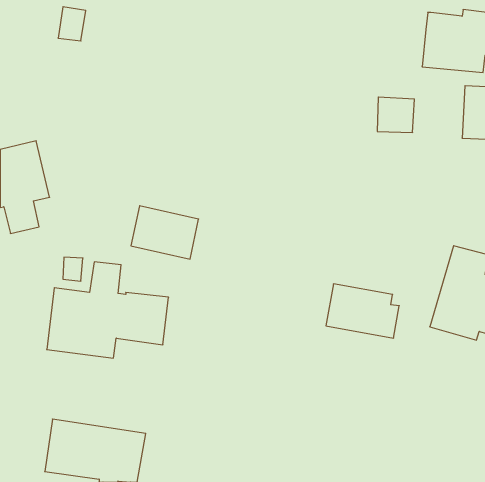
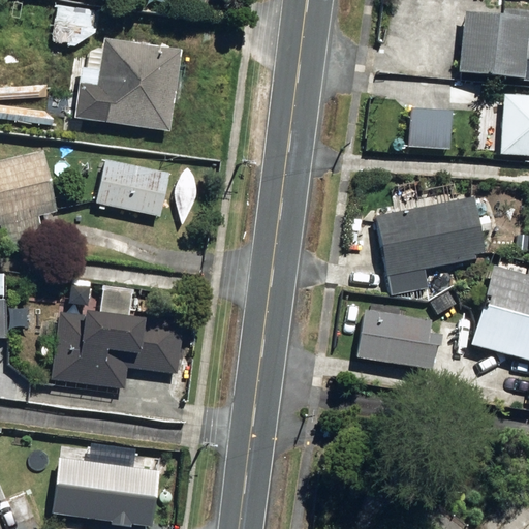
building: none -> [85,39,182,132]
building: none -> [375,195,480,272]
building: [131,206,199,259] -> [96,159,169,217]

